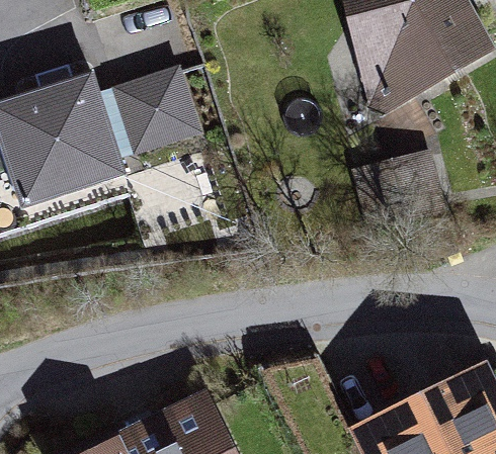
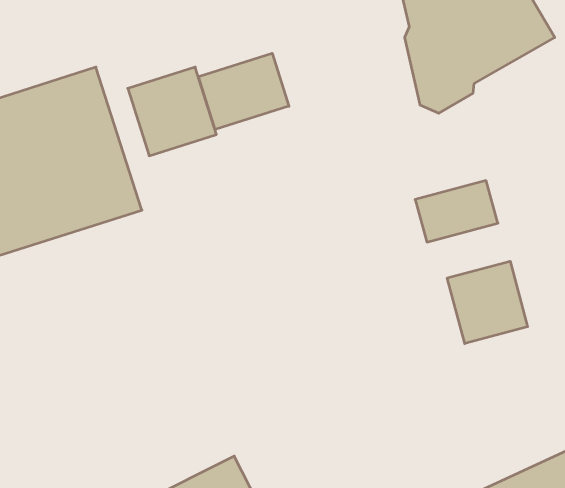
building: none -> [199,53,289,129]
building: none -> [447,261,528,344]

